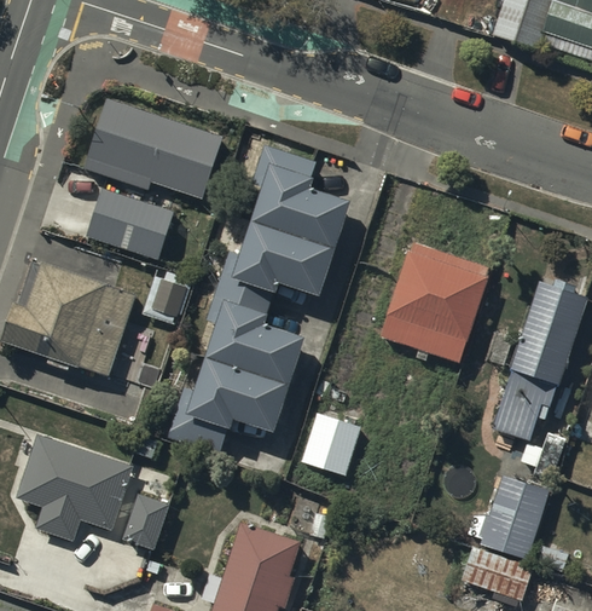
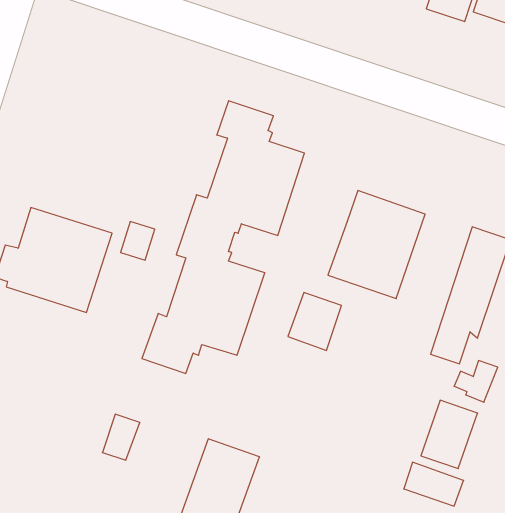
building: [82,97,222,198] -> none
building: [87,190,172,259] -> none
building: [302,411,362,477] -> [288,293,341,350]
building: [21,437,130,542] -> none

